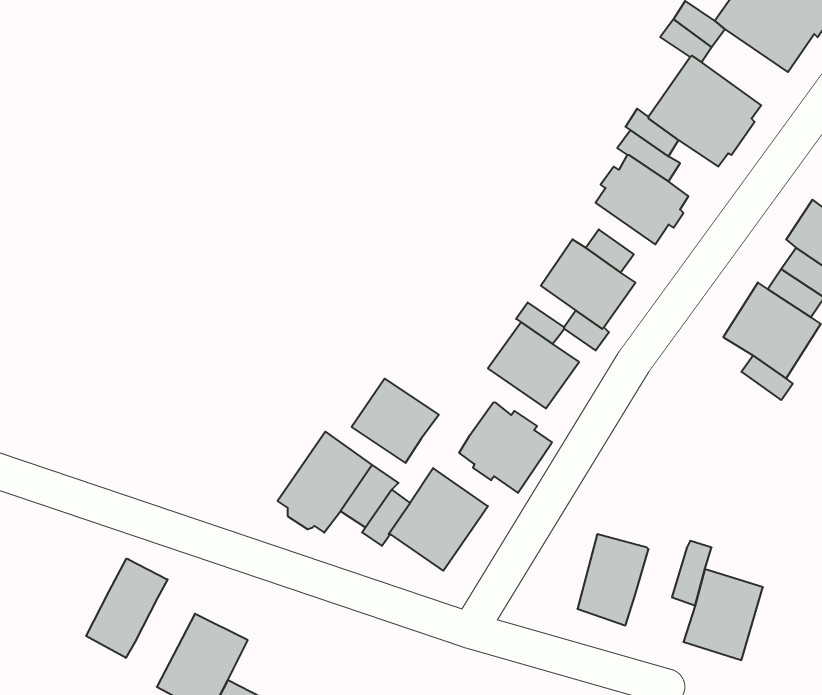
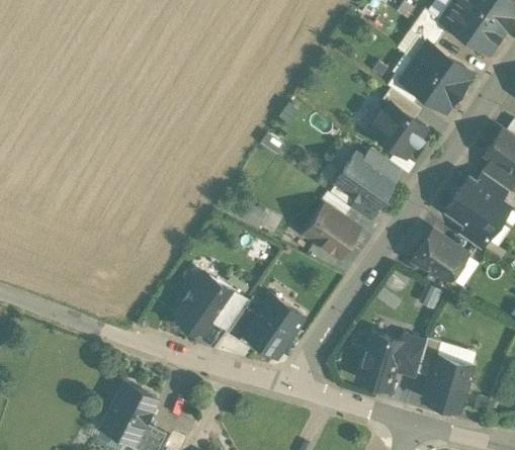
building: none -> [412,232,467,280]
building: [352,379,439,463] -> none
building: [459,402,552,493] -> none
building: none -> [394,336,425,378]
building: [86,559,168,658] -> none

